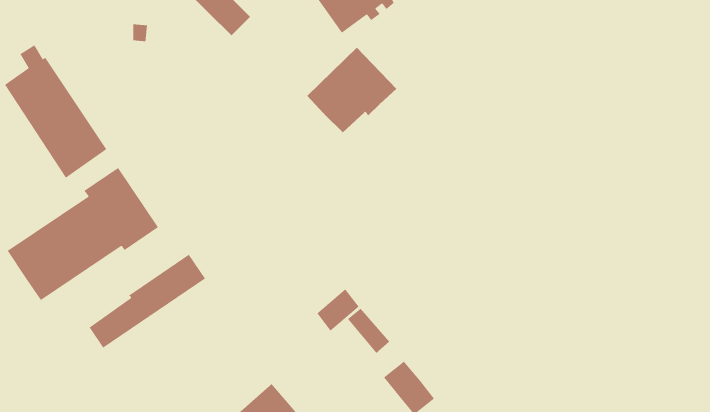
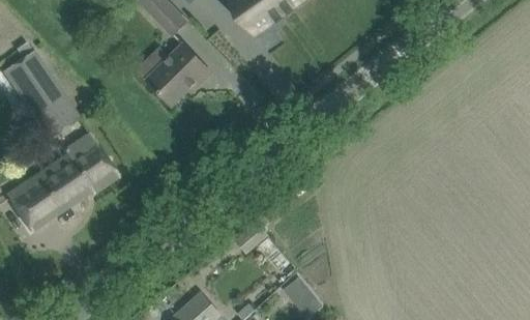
building: [306,47,397,133] -> [144,41,211,106]
building: [89,254,206,349] -> none

